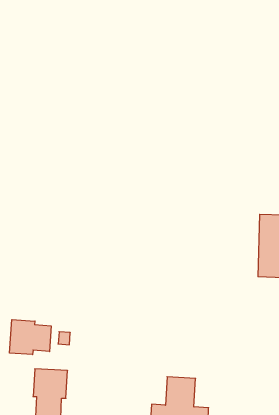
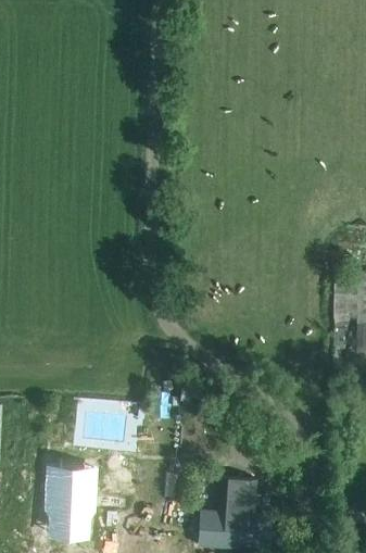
building: [10,320,51,355] -> none

